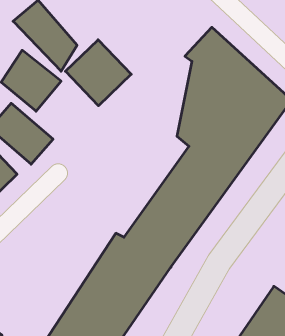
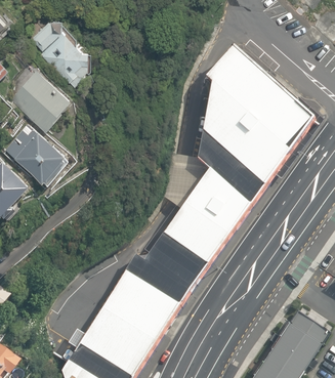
building: [65,40,131,106] -> none

